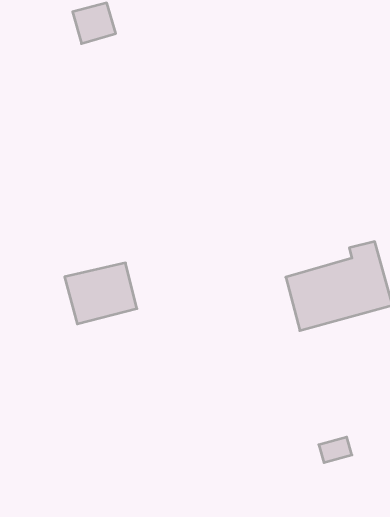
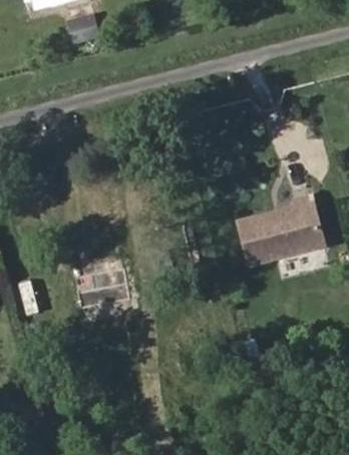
building: [65,263,137,324] -> [73,265,130,313]

